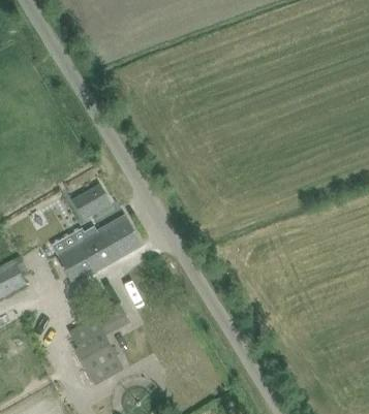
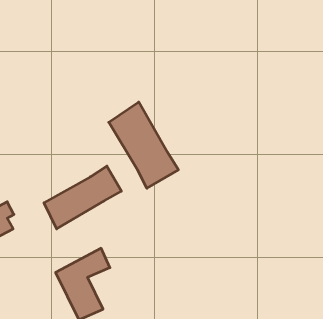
building: none -> [109,102,178,188]
building: [69,192,110,220] -> none

